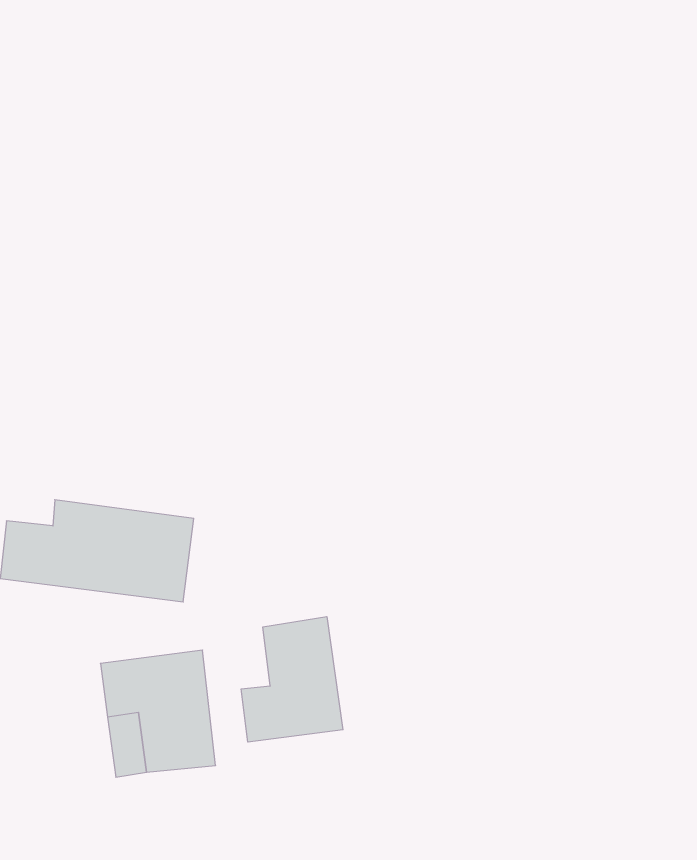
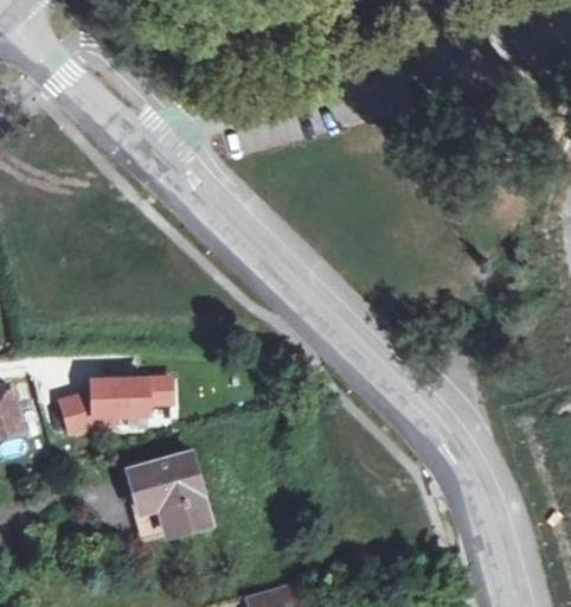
building: [241,617,343,742] -> none

